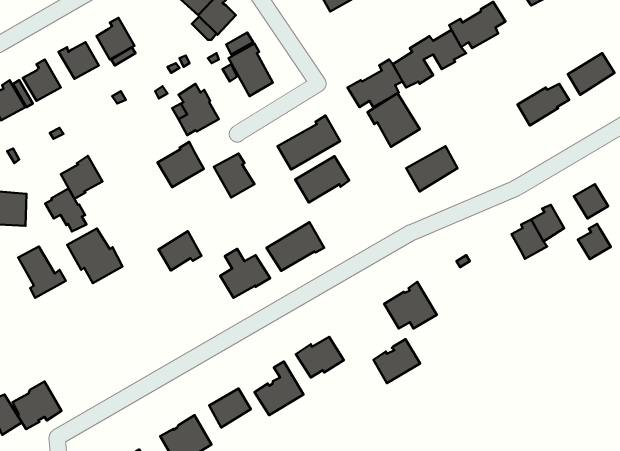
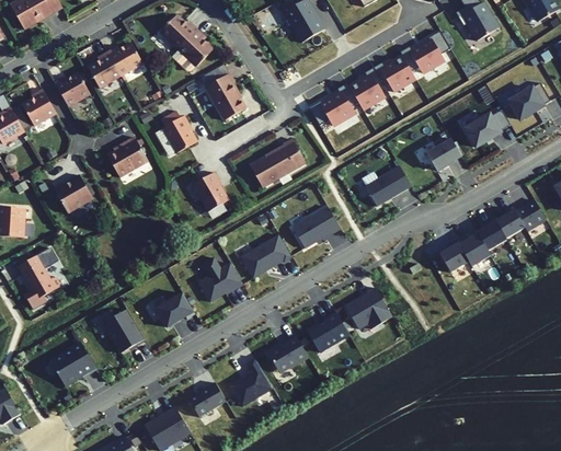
building: none -> [107,42,142,76]
building: [368,93,420,147] -> none
building: none -> [426,138,461,170]
building: [157,142,204,187] -> [106,136,148,176]
building: [295,156,349,203] -> [293,206,341,247]
building: [45,188,86,231] -> none
building: [578,224,611,259] -> [495,206,525,238]
building: [67,228,123,283] -> none
building: none -> [439,240,469,271]
building: [159,231,201,270] -> [157,292,195,327]
building: none -> [104,309,146,352]
building: [374,339,420,383] -> [307,312,348,351]
building: [13,381,62,429] -> [53,342,96,384]

